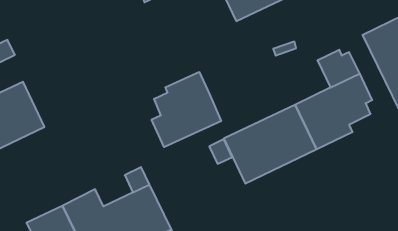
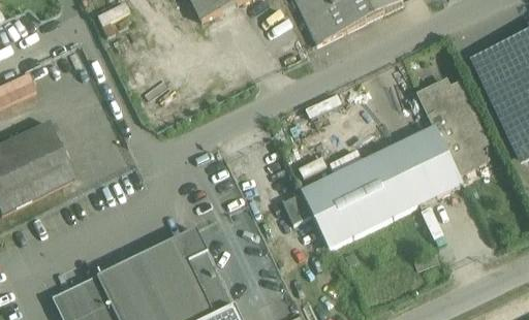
building: [152,72,221,147] -> none
building: none -> [138,237,186,277]

